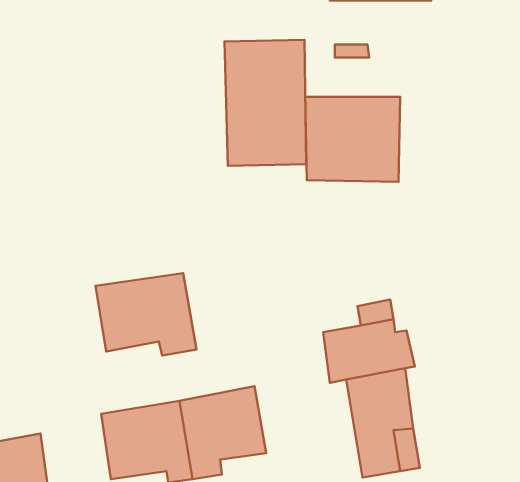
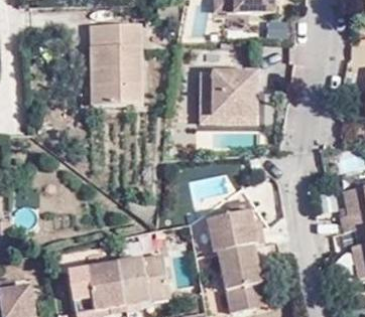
building: [224,40,306,166] -> [90,27,140,105]
building: [95,273,196,355] -> none

